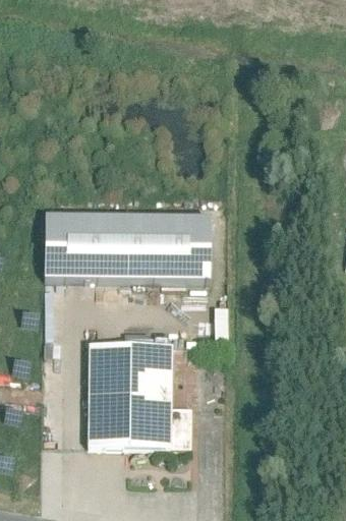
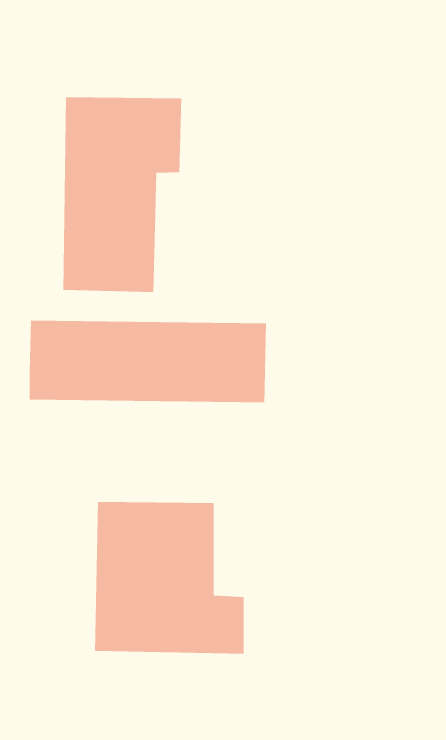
building: none -> [63,96,182,293]

